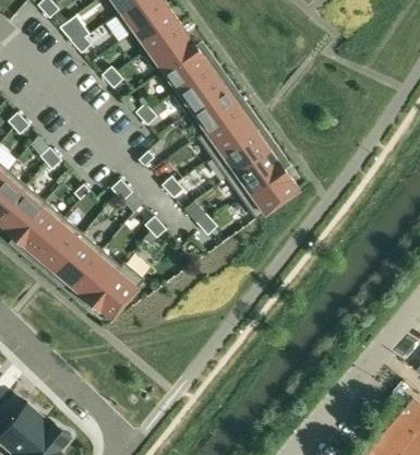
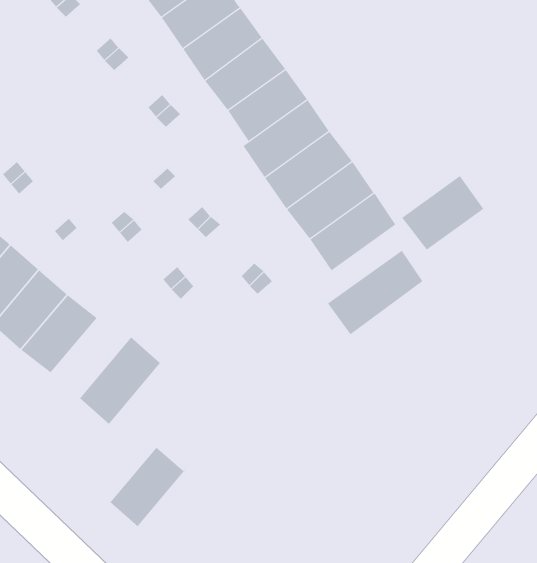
building: none -> [395,175,484,251]
building: none -> [327,250,423,335]
building: [72,250,124,302] -> [110,447,190,527]

